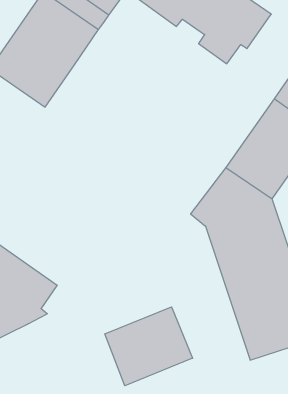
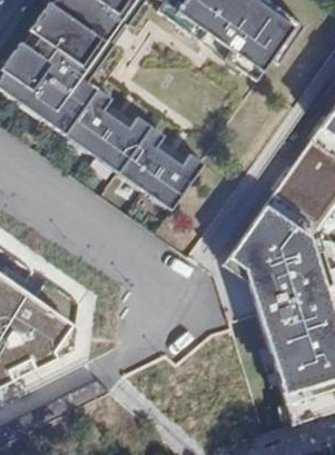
building: none -> [59,81,208,209]
building: [105,307,193,386] -> none

